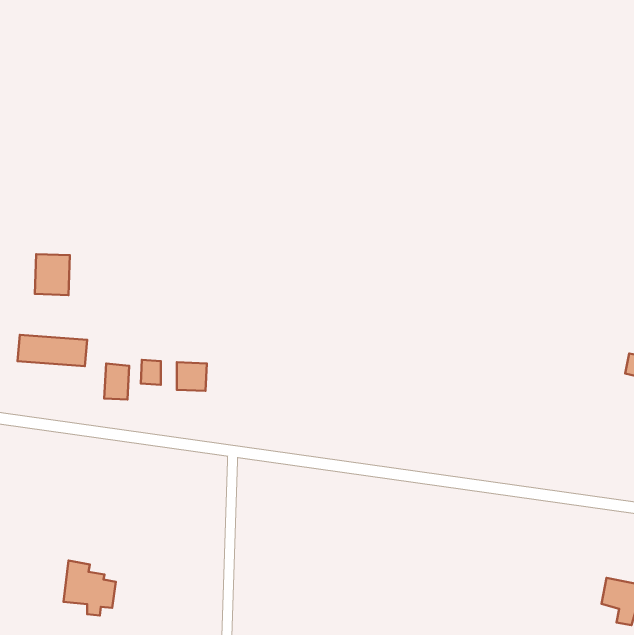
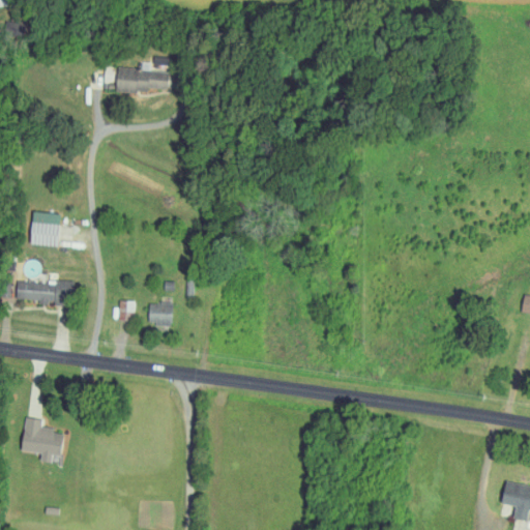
building: none -> [116,62,170,93]
building: [104,363,129,399] -> none
building: [64,561,116,615] -> [22,417,65,463]

